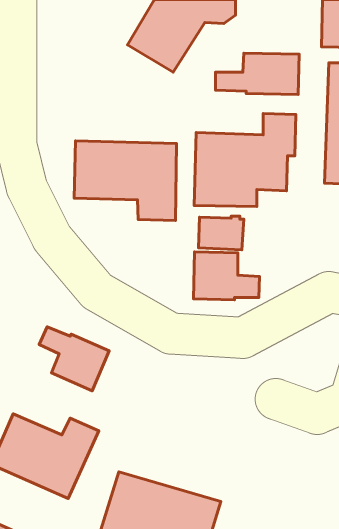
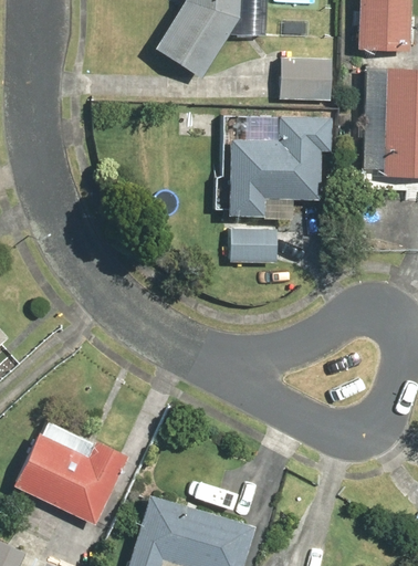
building: [74,141,177,220] -> none
building: [193,252,260,300] -> none
building: [39,327,109,391] -> none

